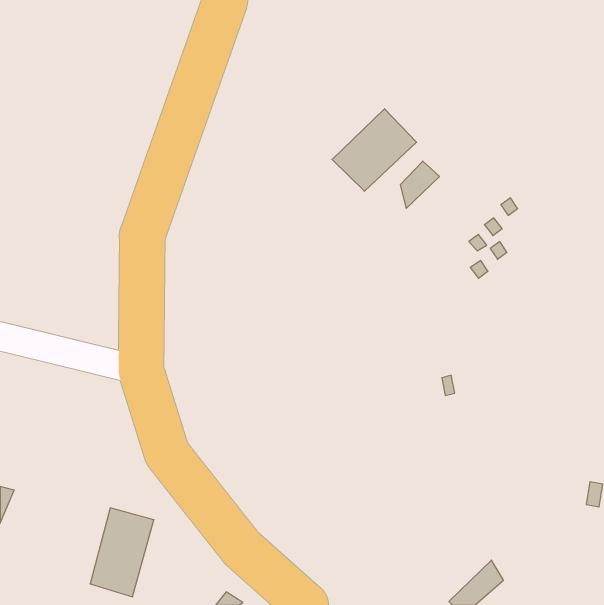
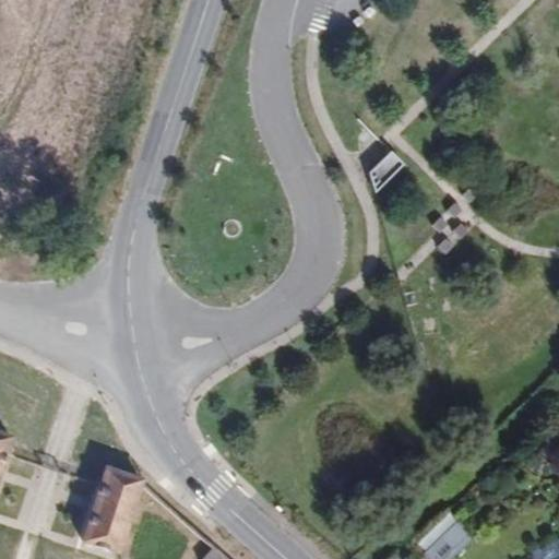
building: [332,109,417,191] -> none

